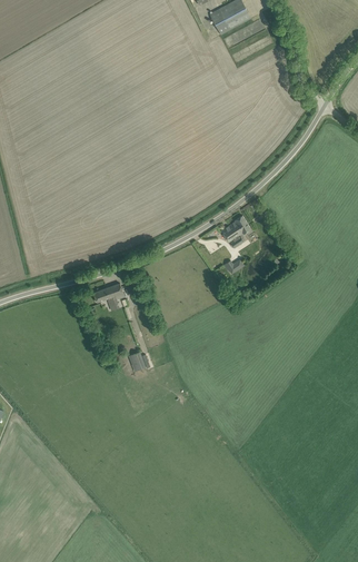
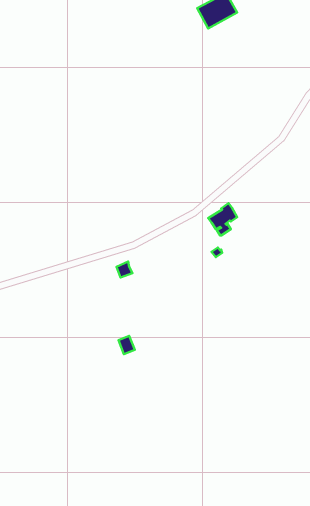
building: [92,283,125,310] -> none

